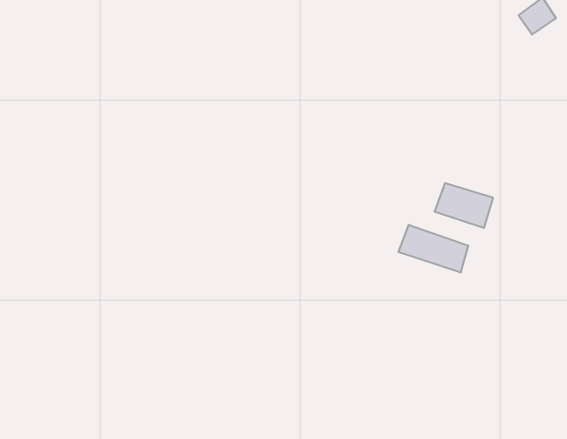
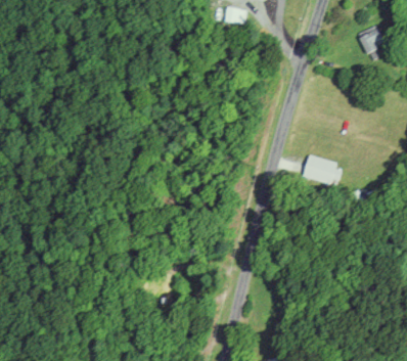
building: [398,225,468,273] -> none

